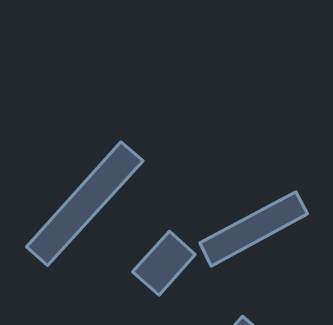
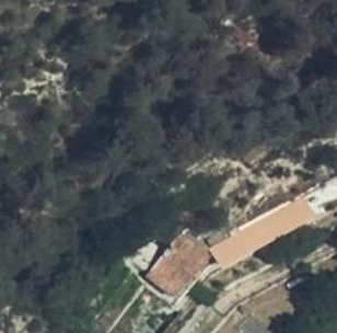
building: [27,142,143,266] -> none

